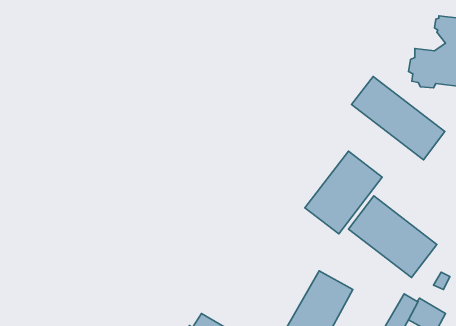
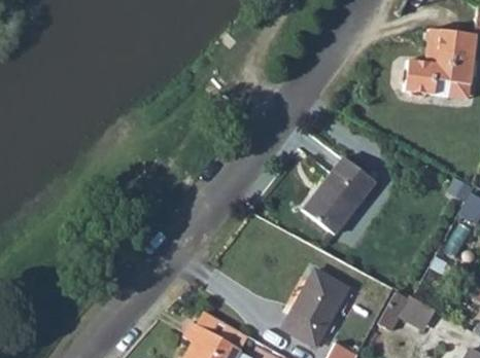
building: [352,76,445,160] -> none
building: [348,196,437,278] -> none

